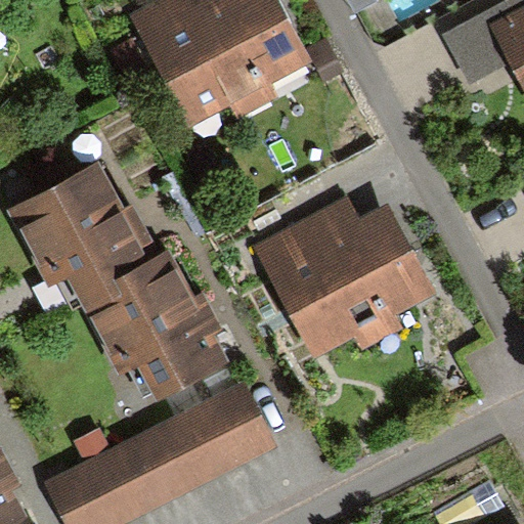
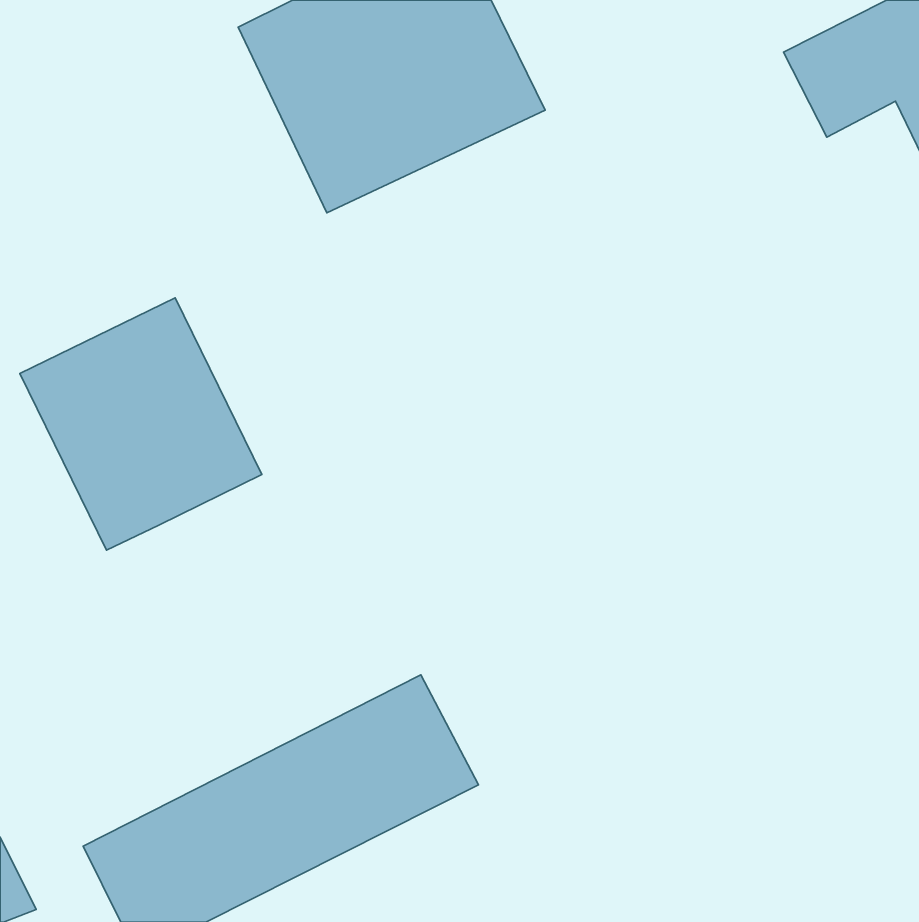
building: [256,201,435,357] -> none
building: [92,259,225,405] -> none

